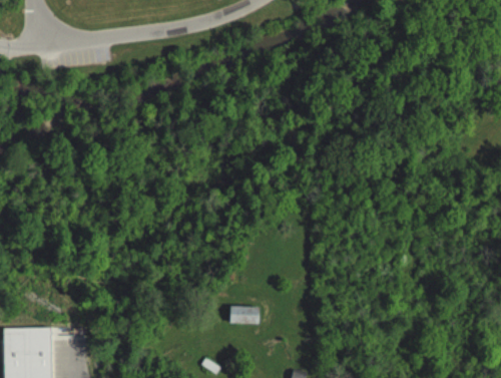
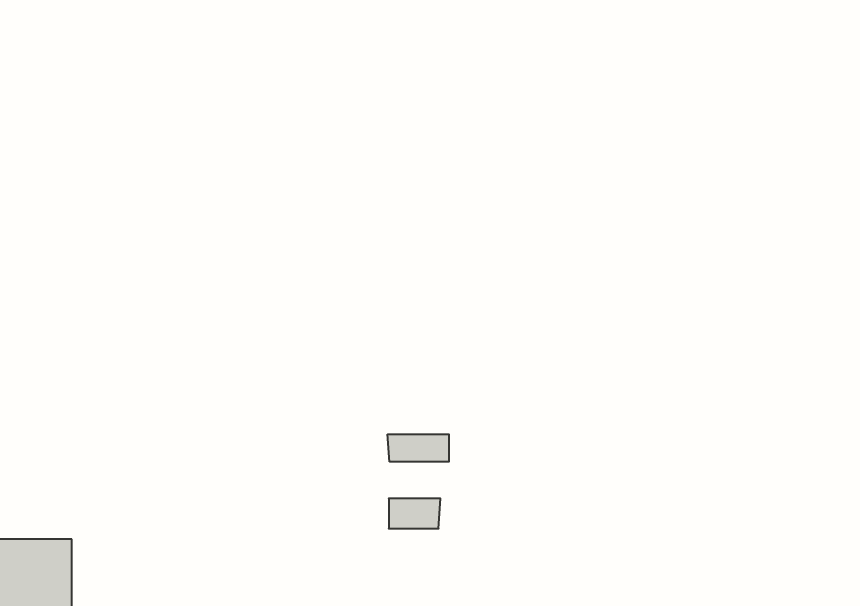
building: none -> [388,434,449,462]

